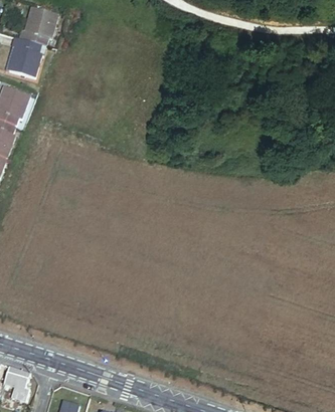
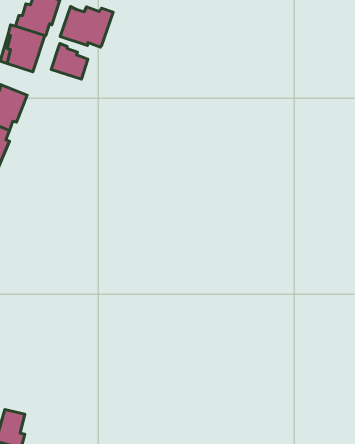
building: none -> [60,6,113,47]
building: none -> [51,44,88,79]

